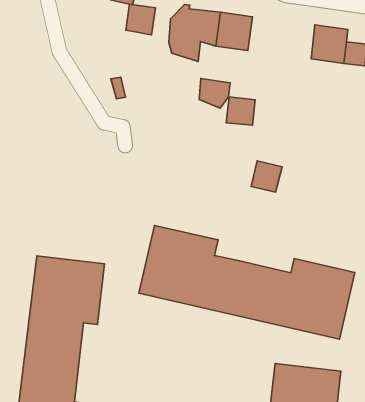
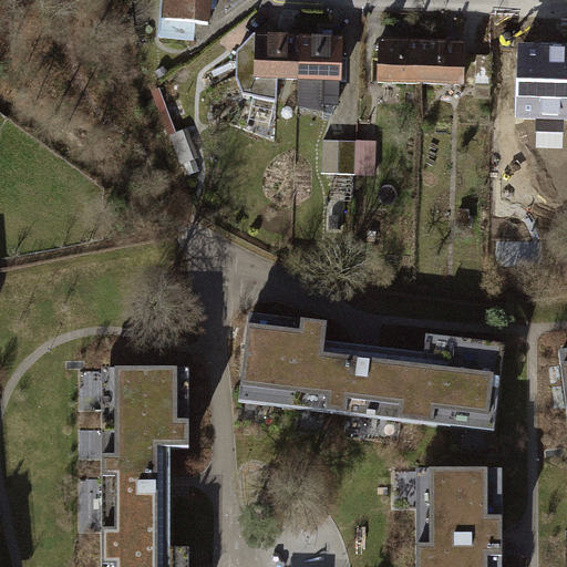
building: [126,4,155,35] -> none
building: none -> [378,38,420,82]
building: [199,79,230,108] -> [298,80,336,114]
building: [251,161,282,192] -> none

